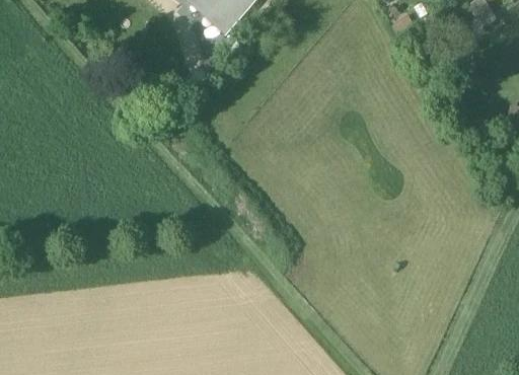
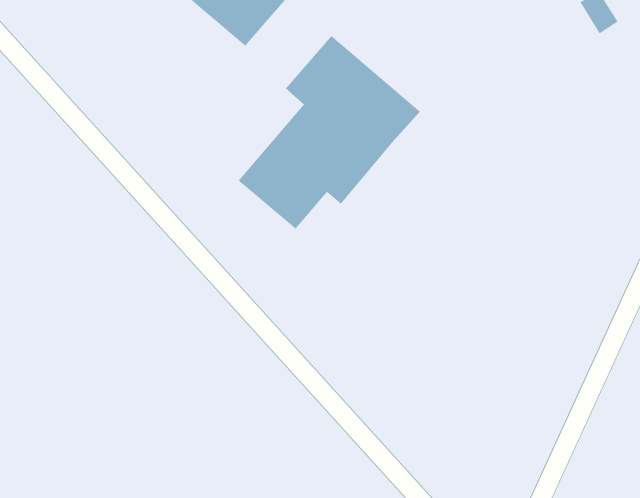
building: none -> [238,35,421,229]

